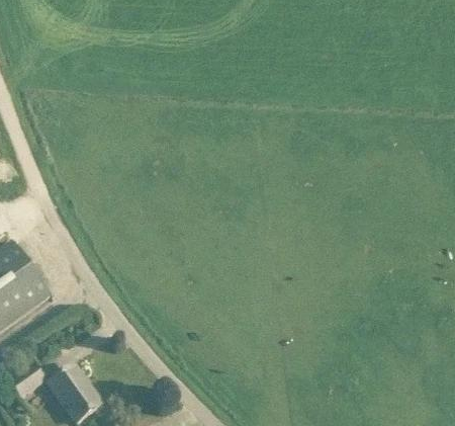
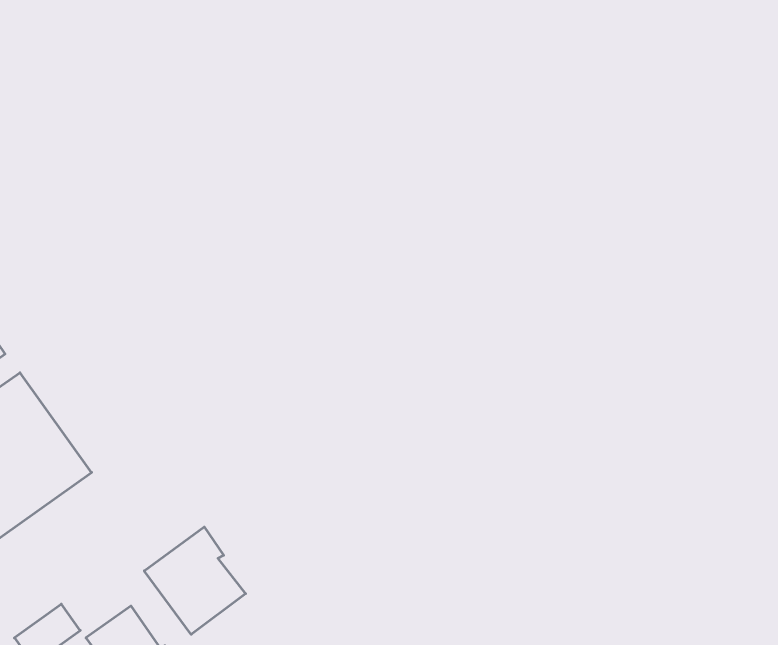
building: none -> [144,527,246,634]

